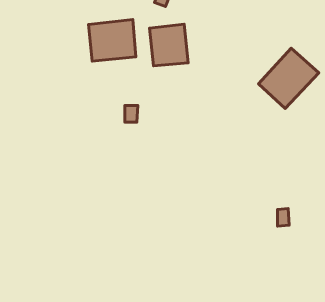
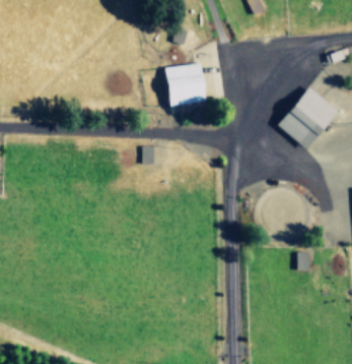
building: [88,20,136,61] -> none

